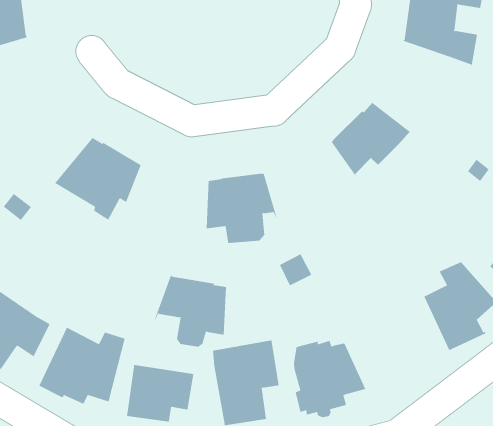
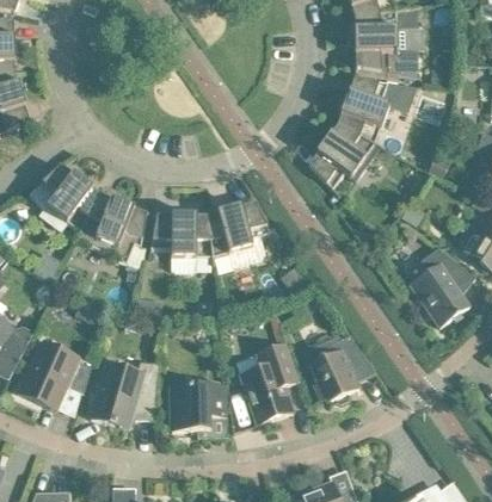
building: none -> [337,76,417,145]
building: none -> [29,163,100,240]
building: [153,275,227,347] -> [148,212,213,271]

